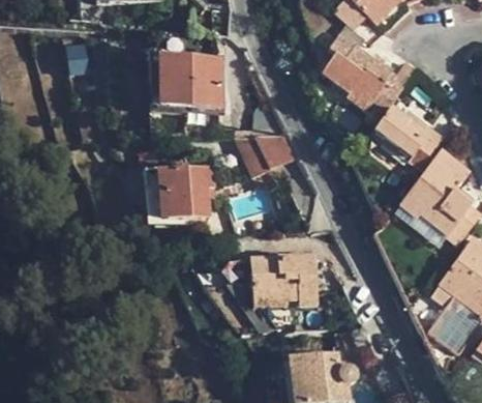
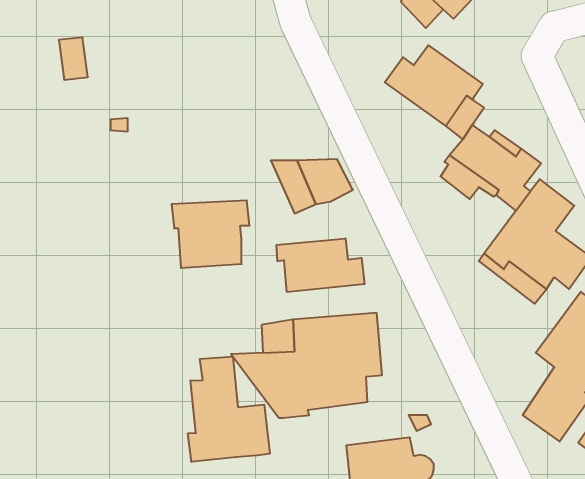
building: [157,56,220,106] -> none
building: none -> [277,238,364,292]
building: none -> [188,357,270,462]

